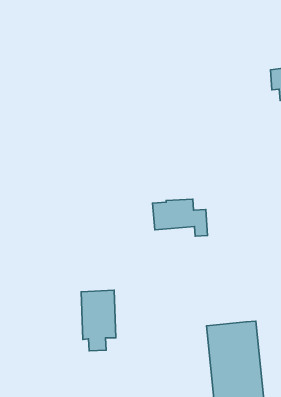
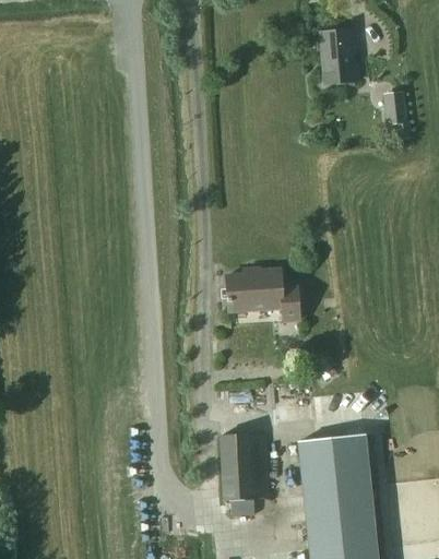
building: none -> [319,28,356,84]
building: [81,290,116,351] -> [220,433,266,515]

